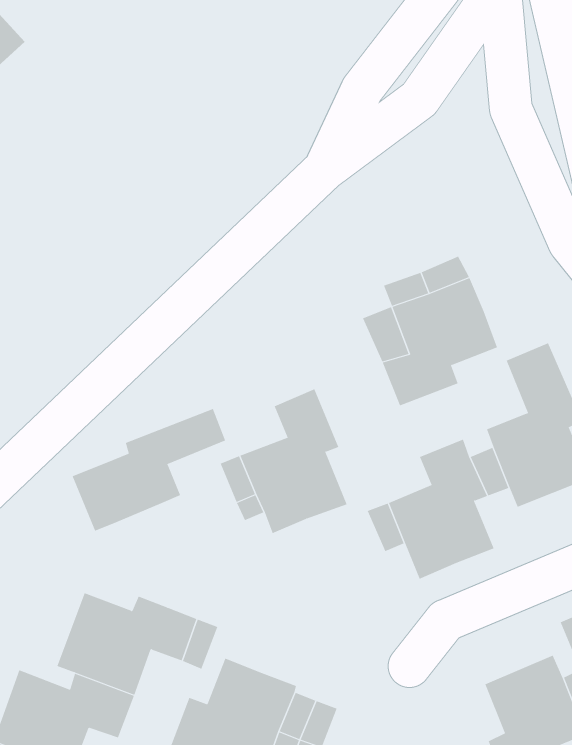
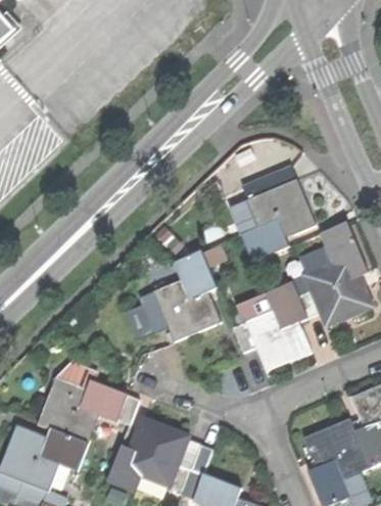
building: [72,408,226,532] -> none

